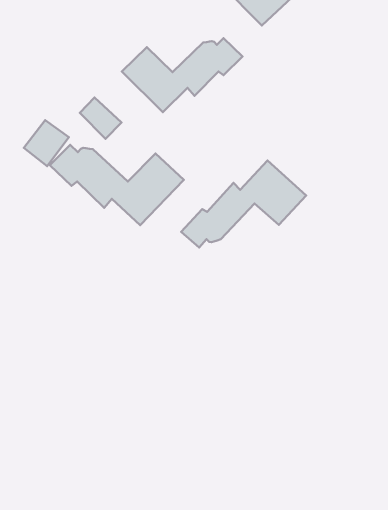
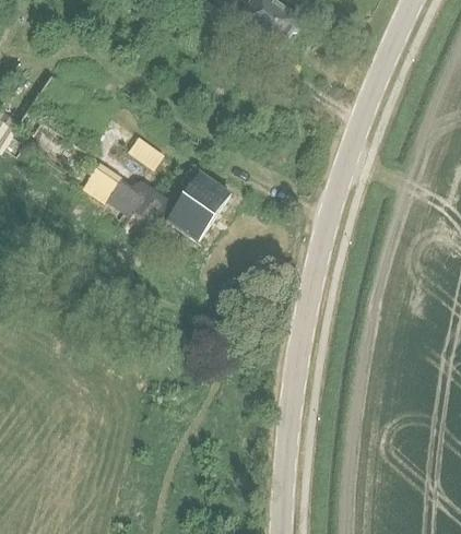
building: [122,38,243,112] -> none
building: [181,161,306,247] -> none

